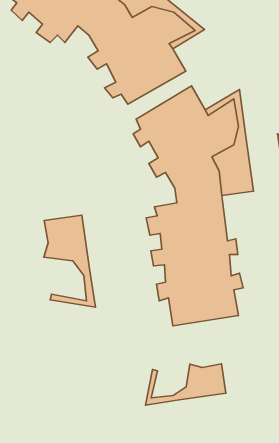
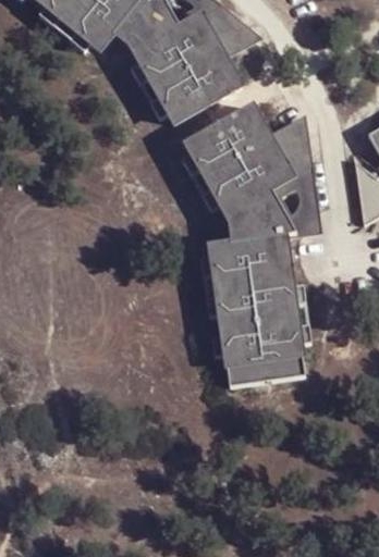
building: [44,215,96,307] -> none
building: [146,364,226,405] -> none

